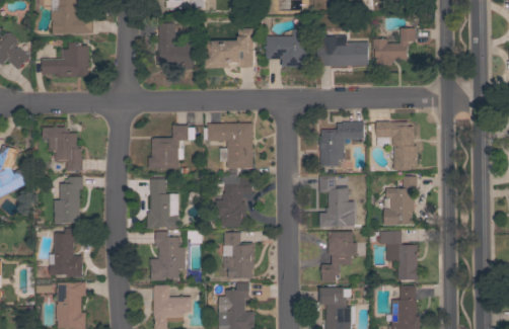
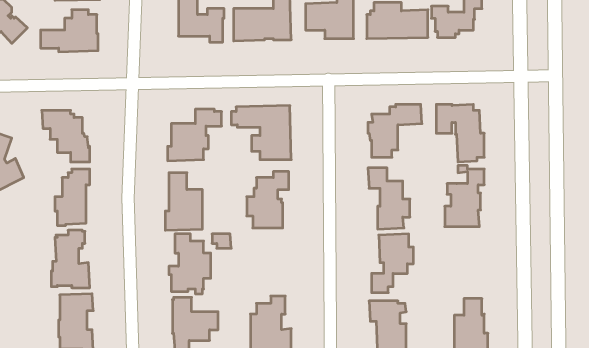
building: [379,228,419,280] -> none
building: [223,232,253,278] -> none

